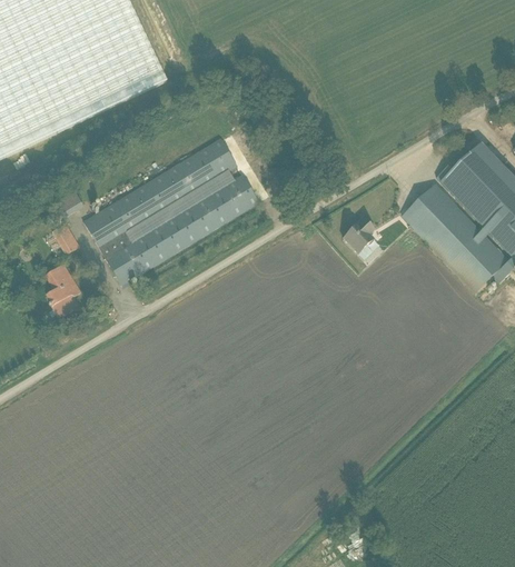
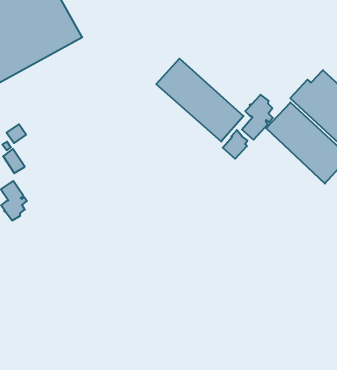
building: none -> [156,59,244,142]
building: [82,137,258,284] -> none
building: none -> [242,95,273,140]

